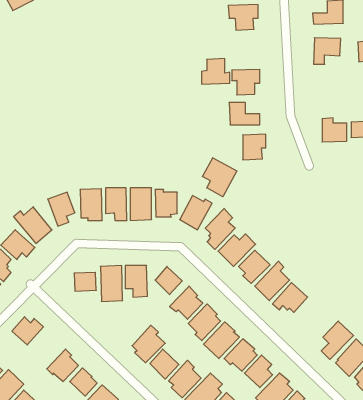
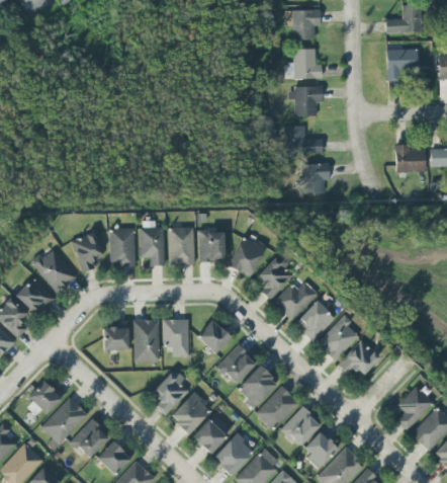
building: [202,59,230,84] -> [288,48,322,78]
building: [202,158,237,197] -> none
building: none -> [155,373,189,415]
building: none -> [40,397,88,450]

